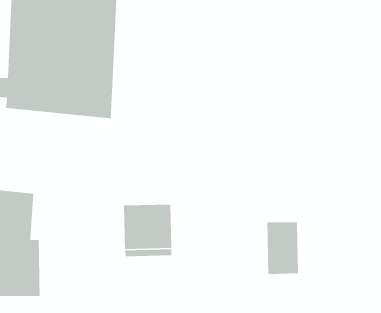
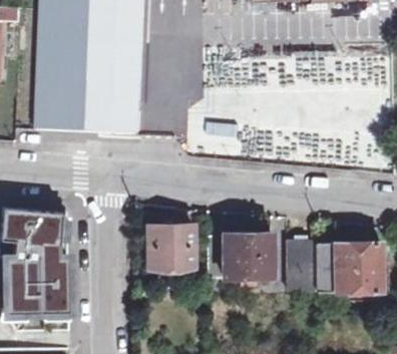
building: none -> [210,233,272,280]
building: none -> [316,243,382,302]

